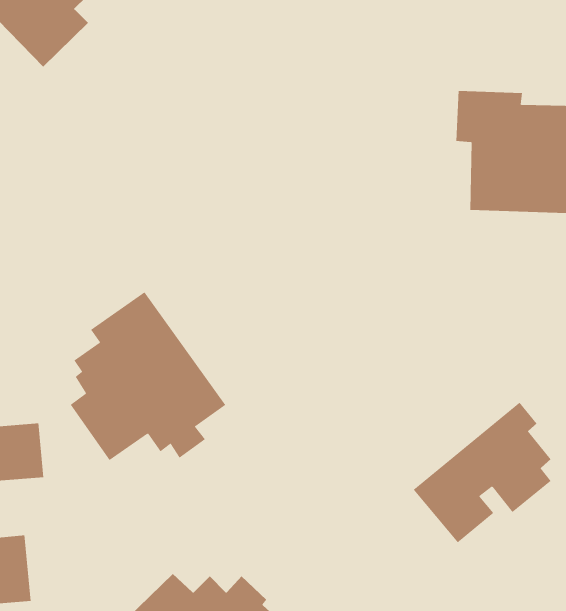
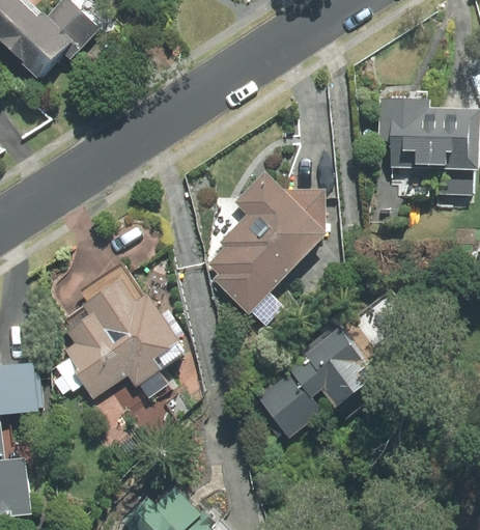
building: none -> [206,170,331,322]
building: [413,402,552,543] -> [257,324,370,439]

